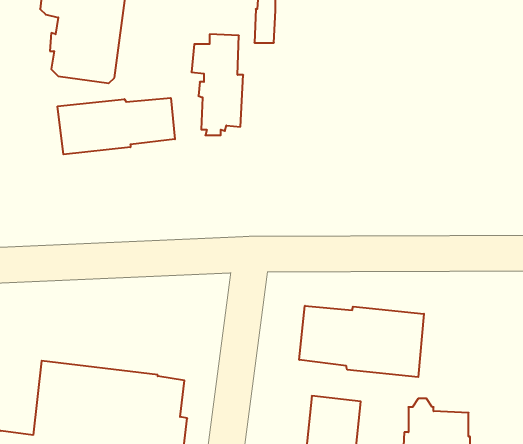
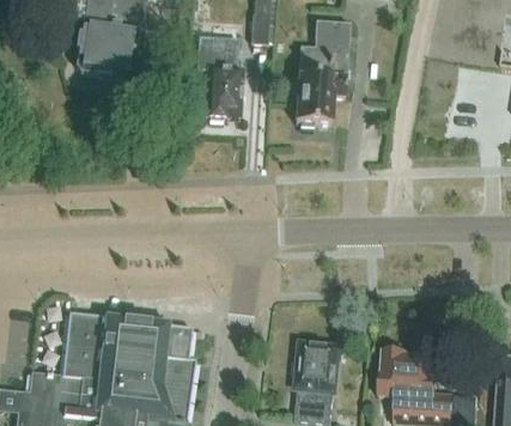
building: none -> [294,17,349,123]
building: [58,98,175,154] -> none
building: [299,306,424,377] -> none

